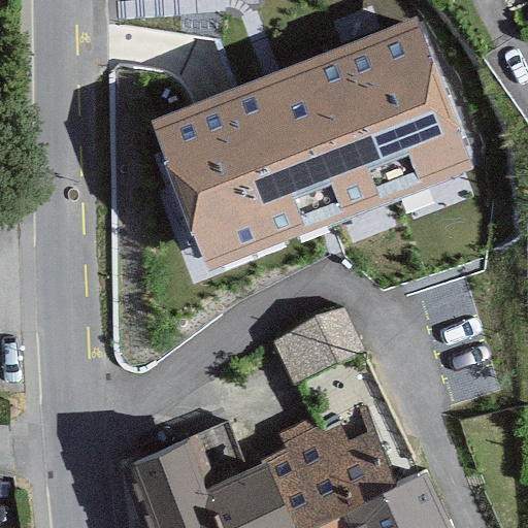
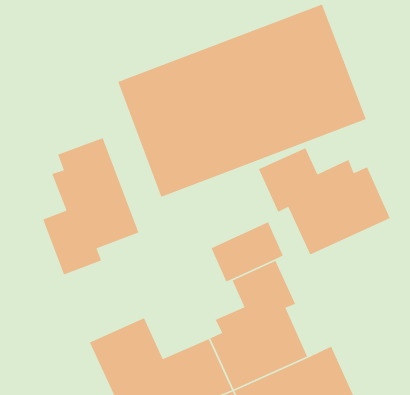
building: none -> [42,137,139,276]
building: none -> [258,147,391,256]

